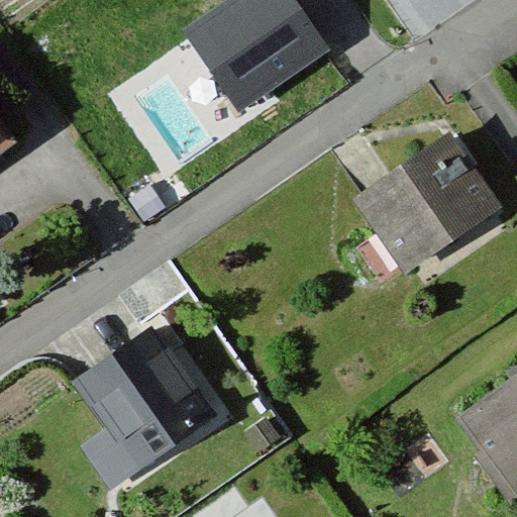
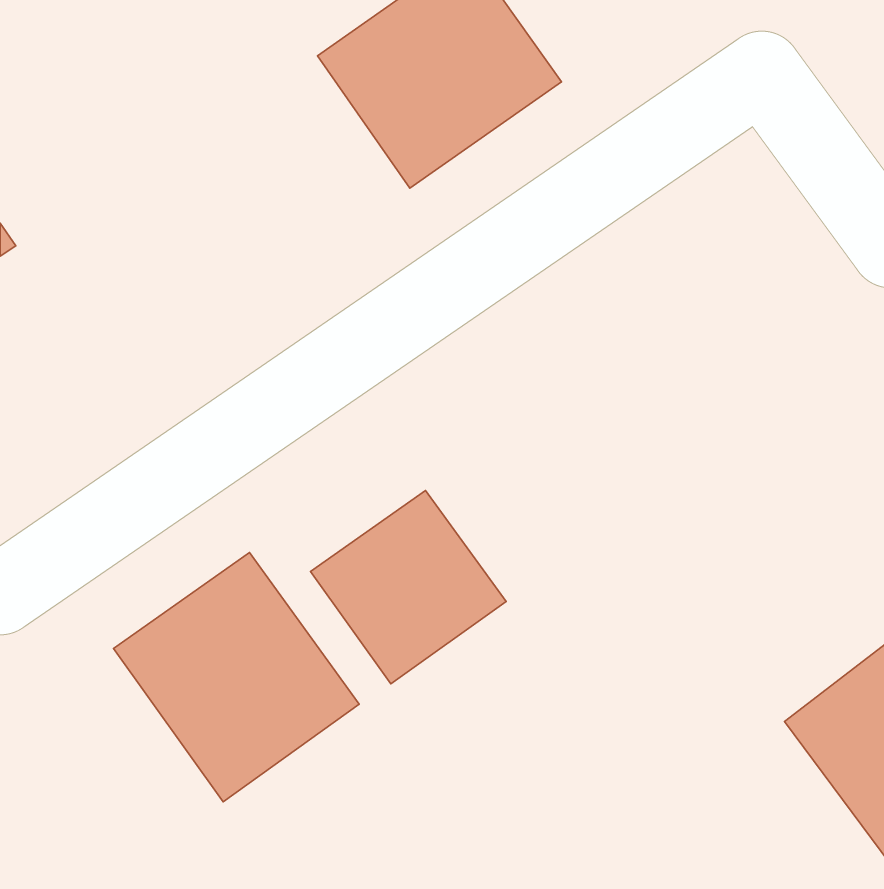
building: [353,133,505,297] -> none
building: none -> [311,490,506,684]

